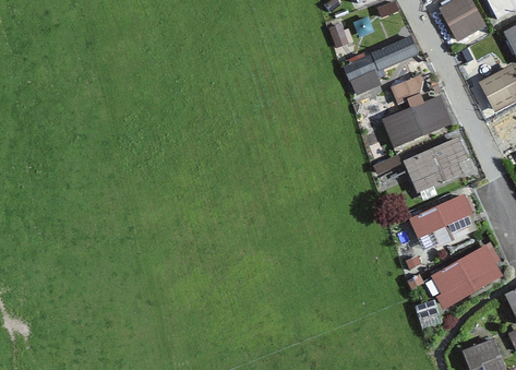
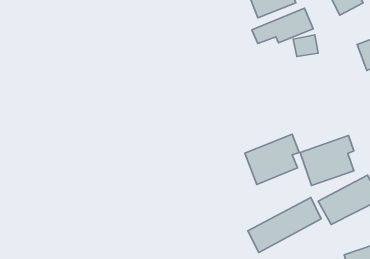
building: [391,102,451,144] -> none
building: [399,138,468,201] -> [245,134,299,184]
building: none -> [248,197,321,253]

